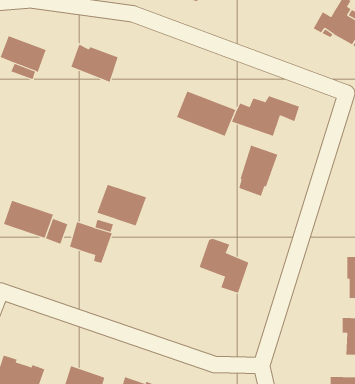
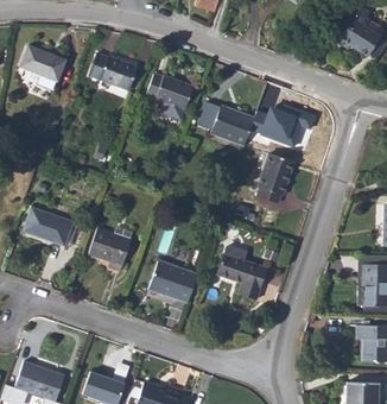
building: none -> [145,72,192,108]
building: [97,184,147,226] -> [147,260,197,302]

